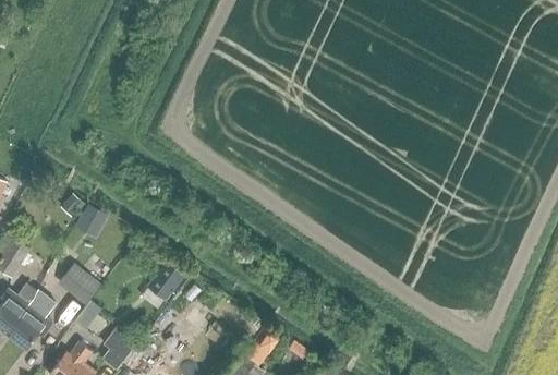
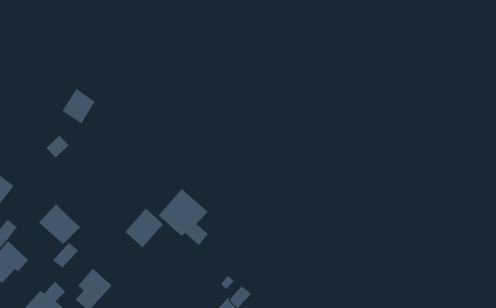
building: [74,203,108,239] -> [61,88,95,124]
building: none -> [158,188,209,246]

